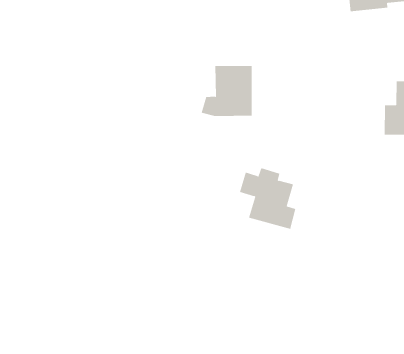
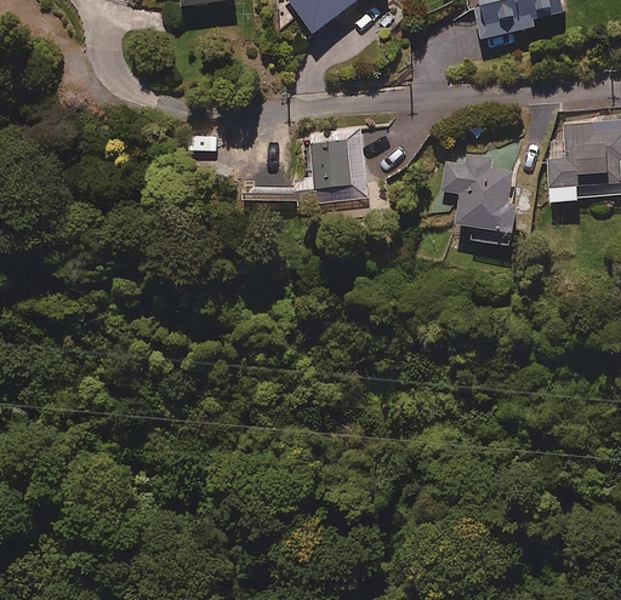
building: [239,168,296,229] -> [439,152,520,232]

